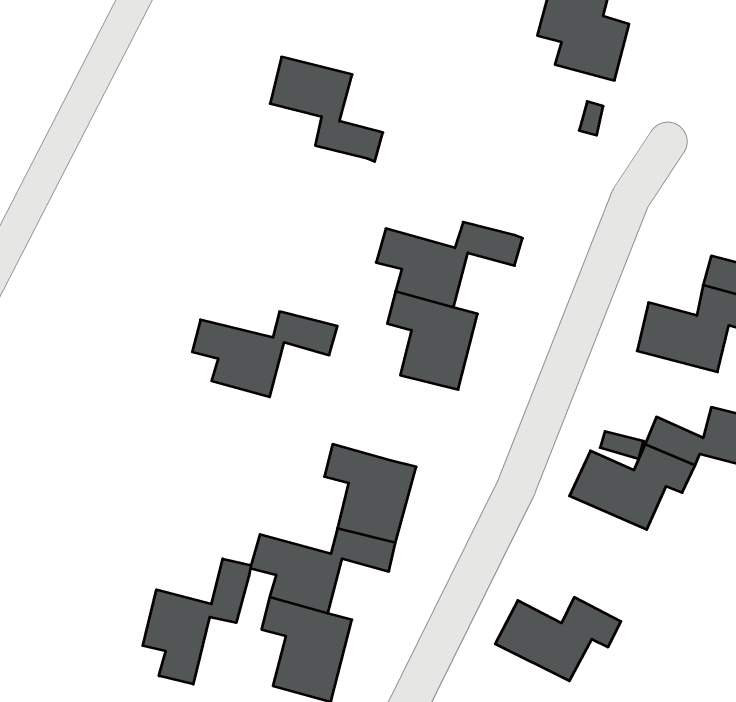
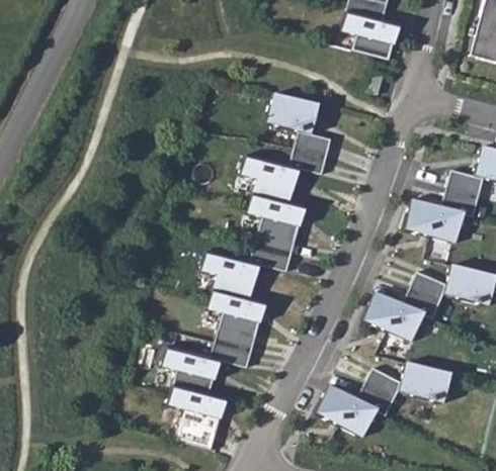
building: [270,57,383,162] -> [267,93,338,159]
building: [192,312,337,397] -> [201,245,293,298]
building: [143,559,251,684] -> none
building: none -> [365,362,450,403]

